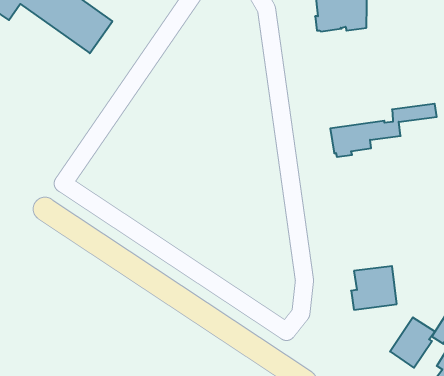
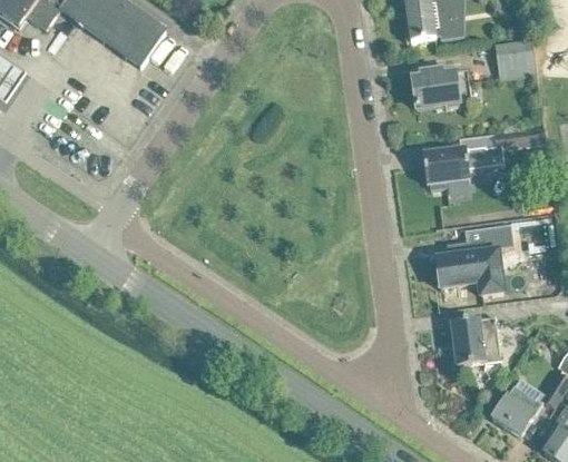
building: none -> [494,41,535,78]
building: none -> [411,68,470,108]
building: none -> [435,224,512,295]

